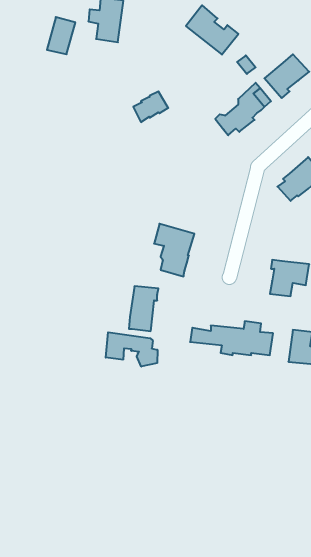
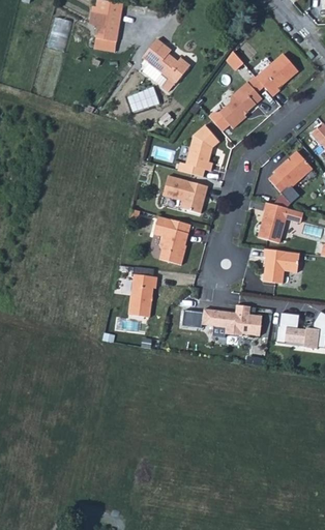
building: [186,5,238,55] -> [144,37,194,84]
building: none -> [176,123,218,175]
building: none -> [161,173,206,211]
building: none -> [257,201,288,242]
building: [106,332,157,367] -> none

